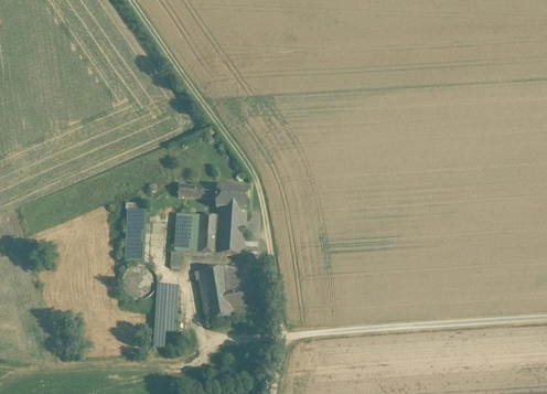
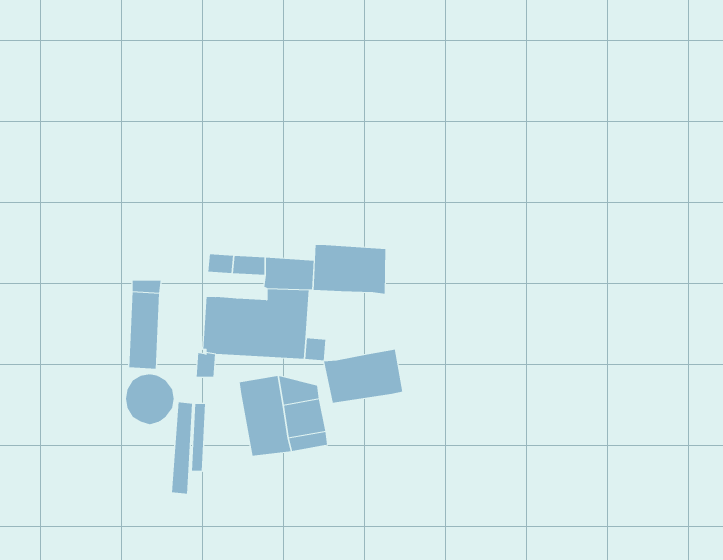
building: none -> [313,244,386,295]
building: none -> [324,349,403,404]

